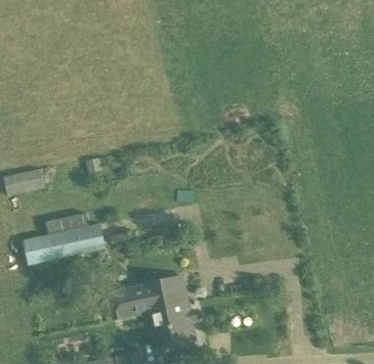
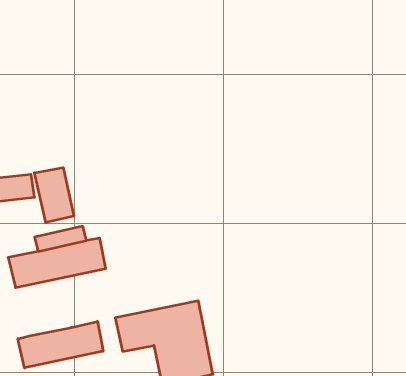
building: none -> [34,168,74,223]
building: none -> [18,321,103,368]

